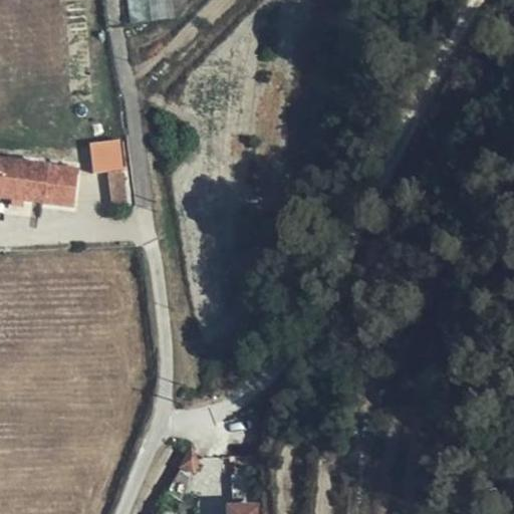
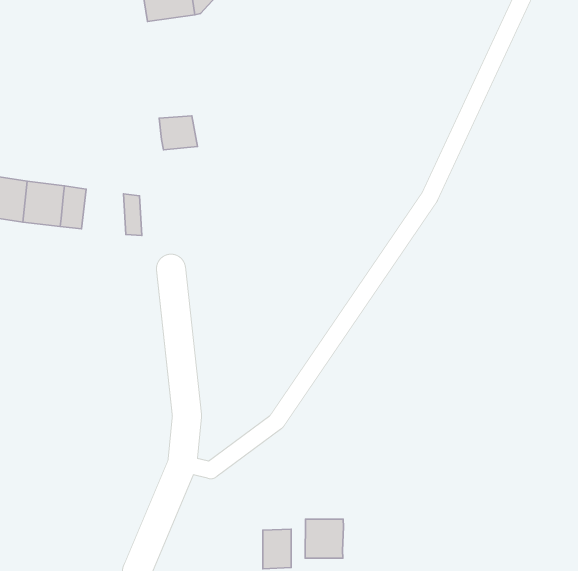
building: [89,139,123,169] -> [159,116,198,150]
building: none -> [305,519,343,558]

